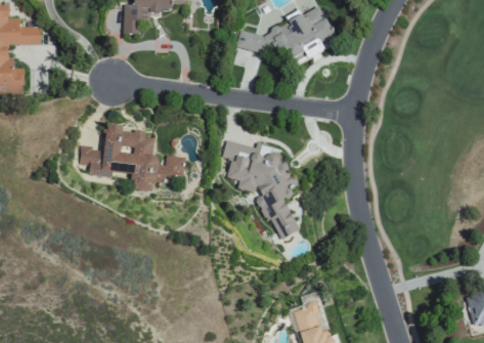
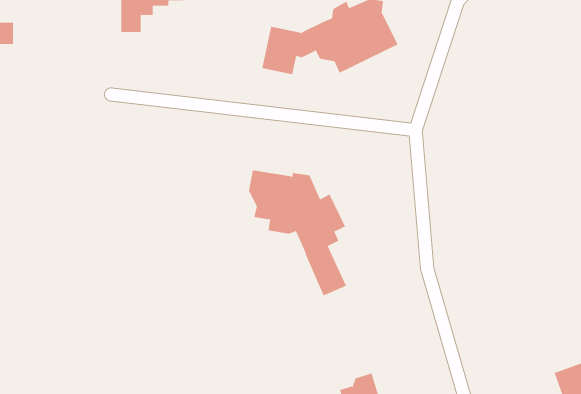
building: [80,126,185,189] -> none

